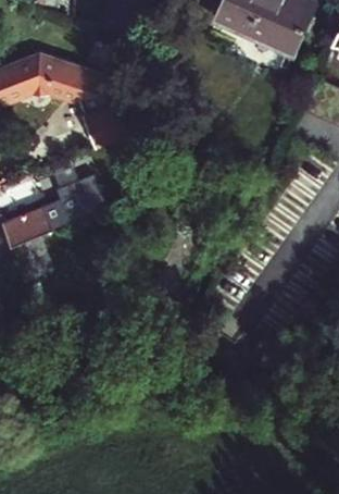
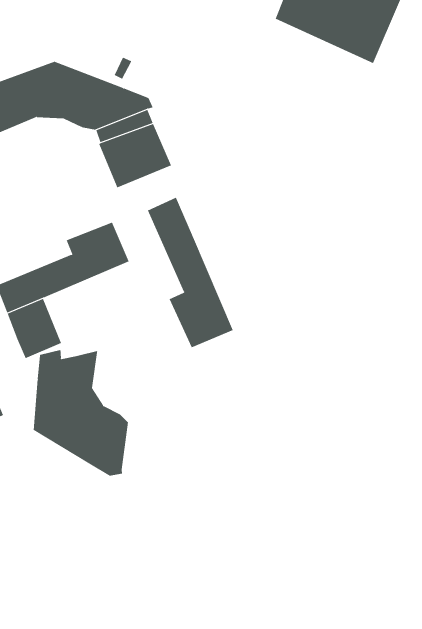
building: none -> [147,197,233,348]
building: none -> [33,349,129,477]

